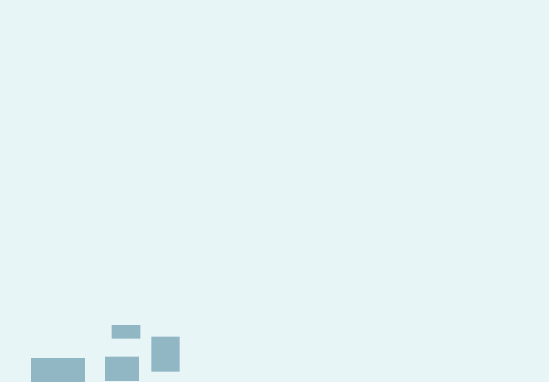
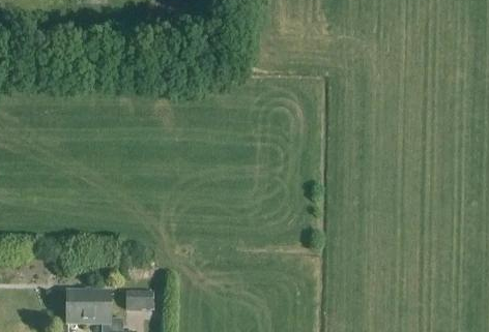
building: [151,336,180,373] -> none

